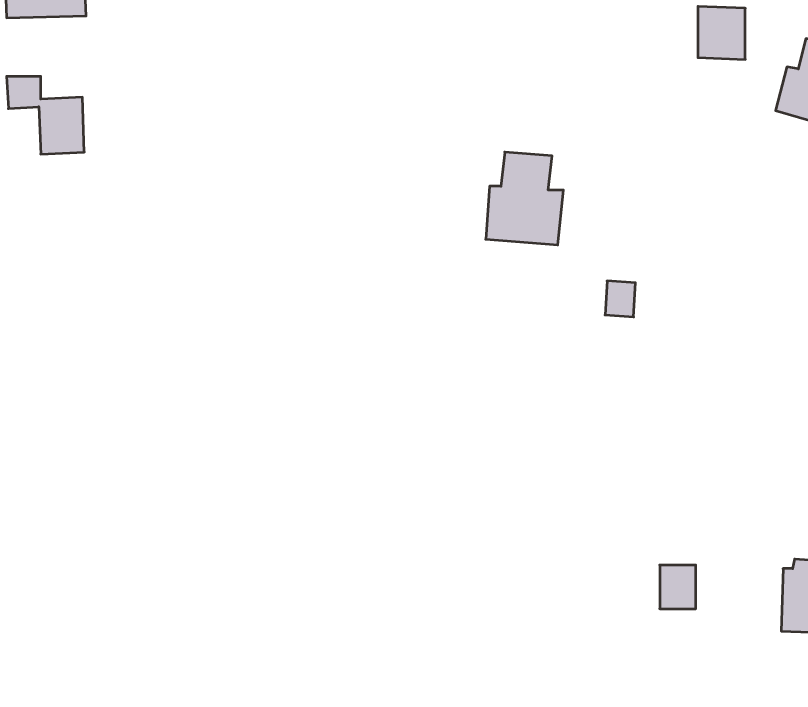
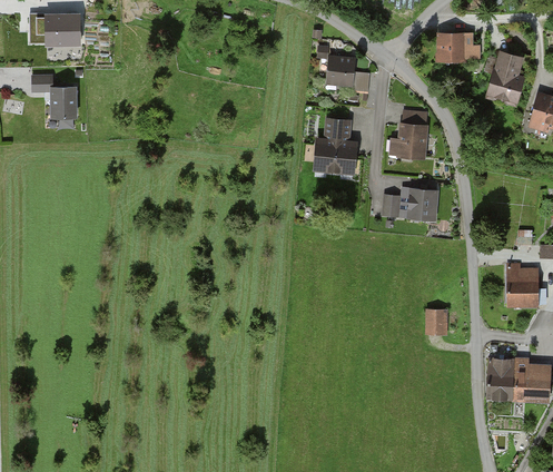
building: none -> [317,46,371,92]
building: none -> [389,110,428,158]
building: none -> [407,189,437,220]
building: [660,565,696,609] -> [425,309,446,335]

